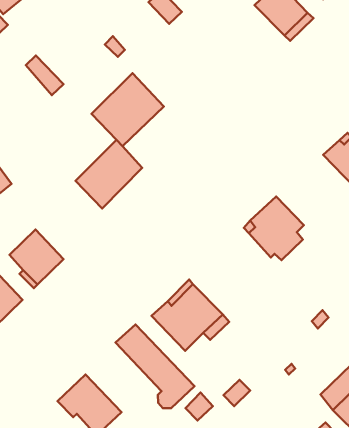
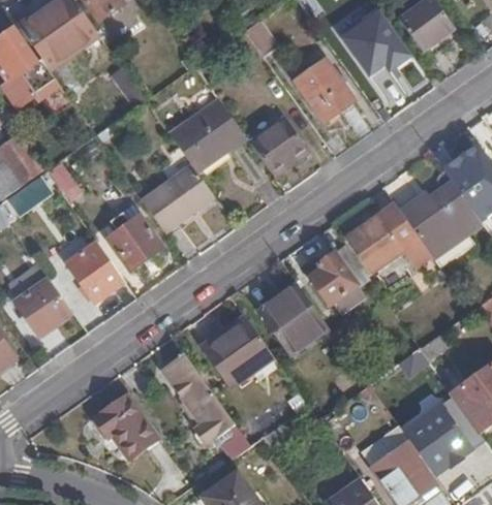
building: none -> [295,58,353,121]
building: none -> [247,116,304,175]
building: none -> [347,201,416,262]
building: none -> [107,214,161,269]
building: none -> [262,285,328,355]

